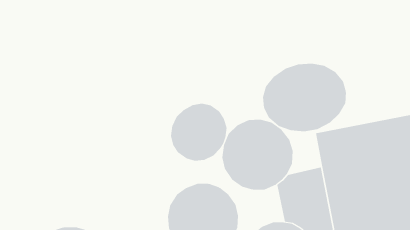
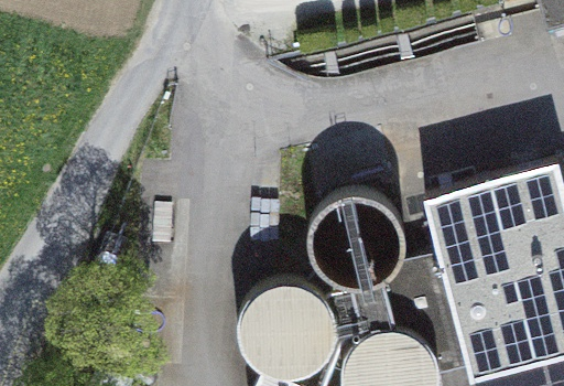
building: [262,63,346,132] -> none
building: [170,103,227,162] -> none

